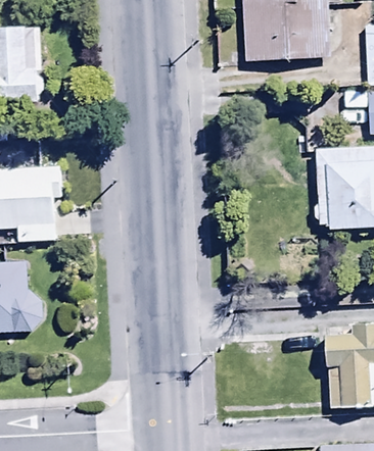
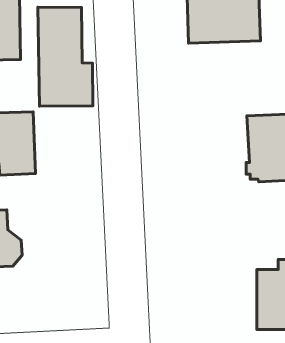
building: none -> [38,7,93,106]

